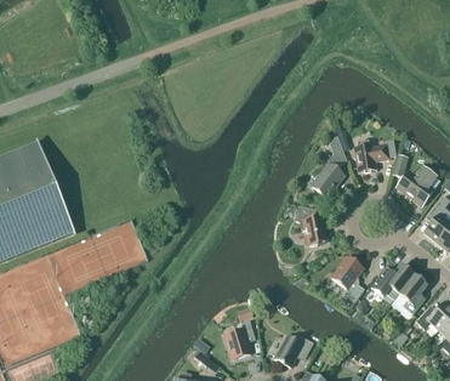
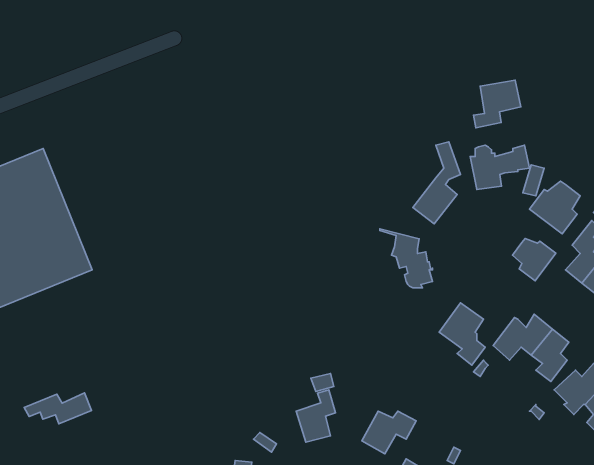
building: none -> [473,80,521,128]
building: none -> [513,239,556,281]
building: none -> [24,393,92,424]

